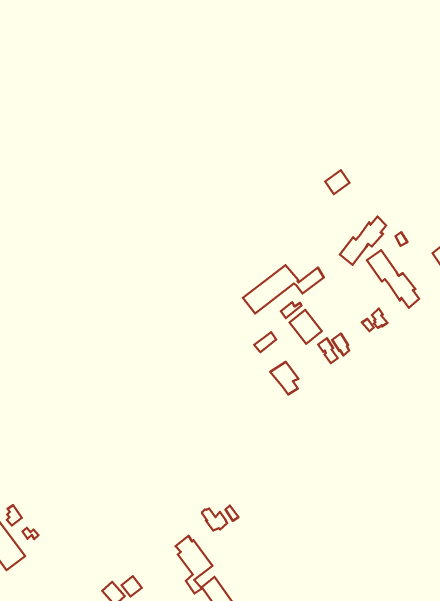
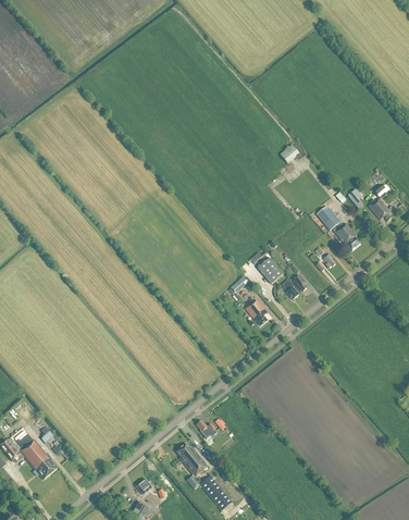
building: [340,217,386,265] -> none
building: [243,265,324,314] -> none

